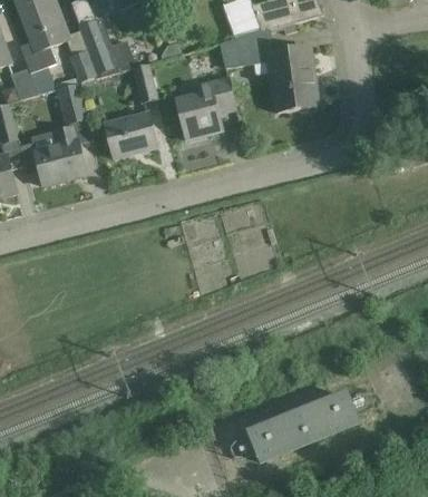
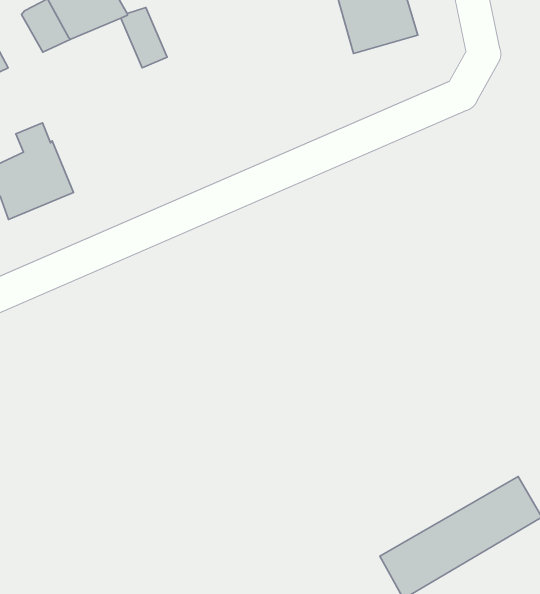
building: [176,74,235,138] -> none
building: [58,81,87,121] -> none
building: [105,110,157,157] -> none

